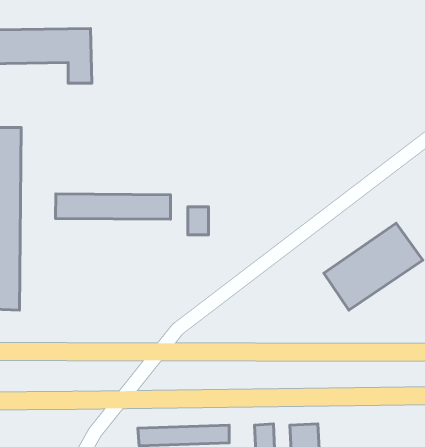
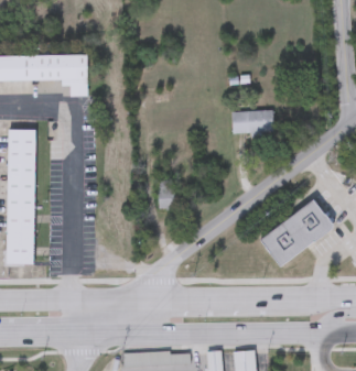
building: none -> [231,111,273,133]
building: [56,194,171,219] -> none

